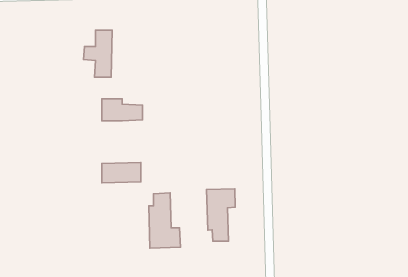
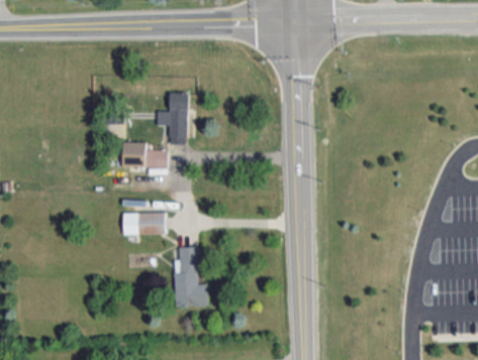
building: [84,30,112,77] -> [156,93,187,144]
building: [206,189,235,241] -> none

